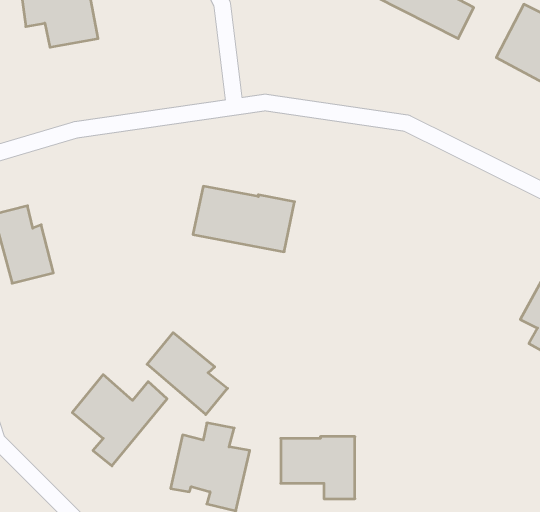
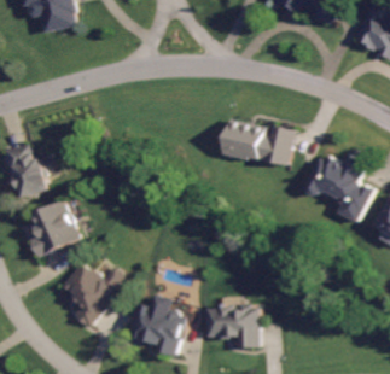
building: [193,186,295,252] -> [221,121,292,166]
building: none -> [302,154,371,224]
building: none -> [28,203,76,257]
building: [147,333,228,415] -> none

